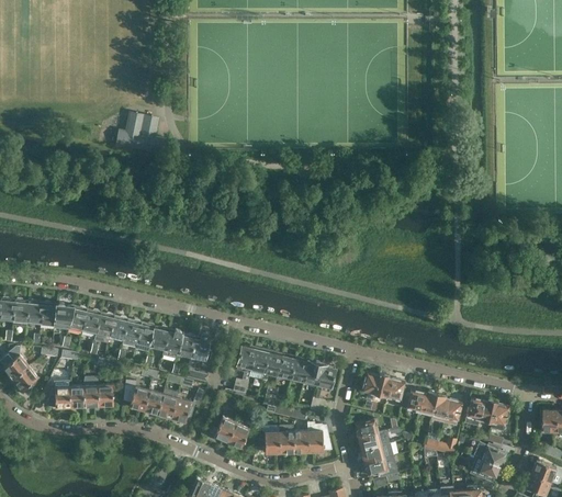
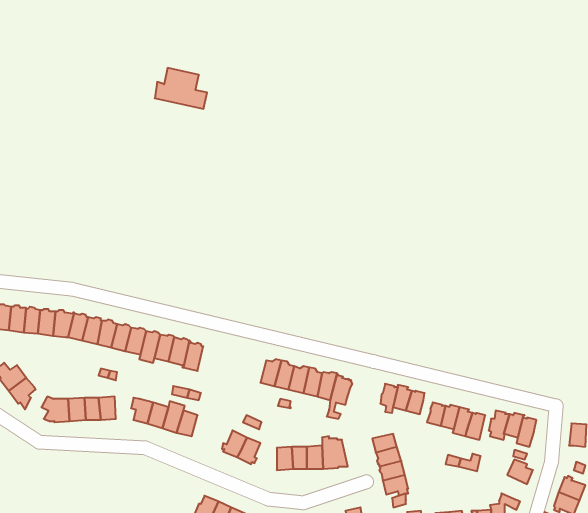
building: [116,116,166,155] -> [155,68,207,109]
building: [186,334,211,381] -> none
building: [235,347,255,387] -> none
building: [469,455,501,481] -> none

